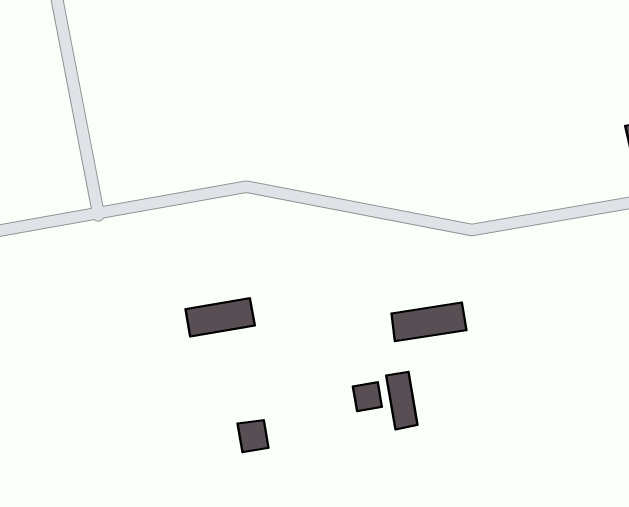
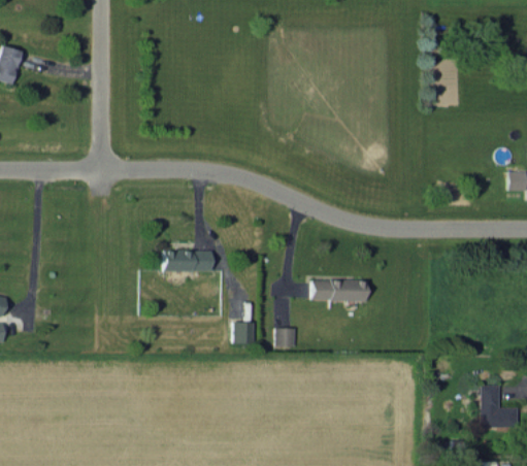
building: [386,372,418,429] -> none
building: [237,420,268,452] -> [235,322,255,343]

